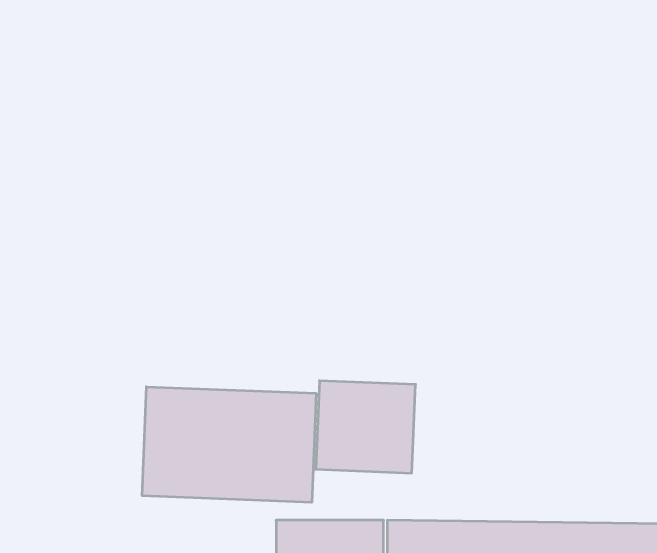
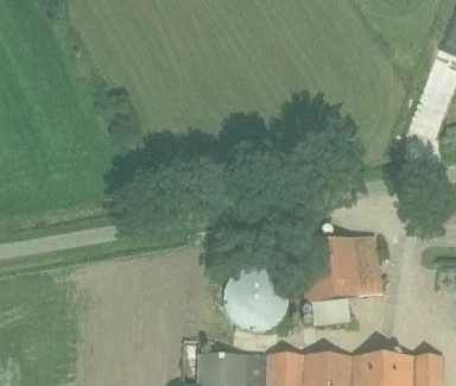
building: none -> [309,232,379,322]
building: [142,387,316,502] -> none

